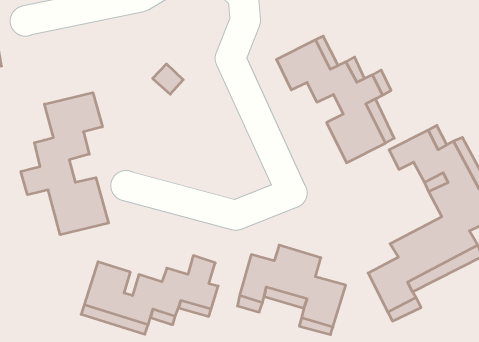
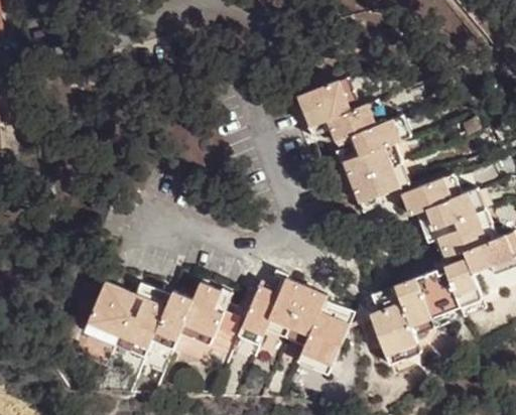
building: [21,93,109,235] -> none

